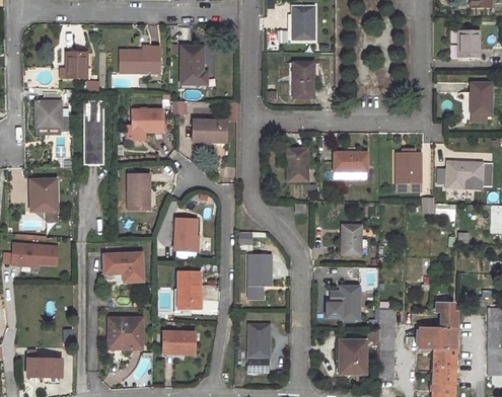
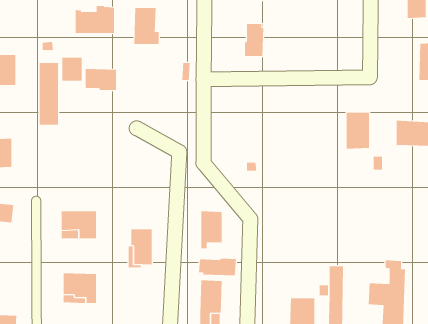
building: [66,53,87,77] -> [62,57,82,81]
building: [193,121,227,142] -> none
building: [287,148,307,180] -> none
building: [335,153,367,170] -> none
building: [127,174,149,210] -> none
building: [174,219,197,251] -> none
building: [342,226,361,254] -> none
building: [328,287,359,319] -> none
building: none -> [199,258,236,276]
building: [163,332,196,350] -> none

